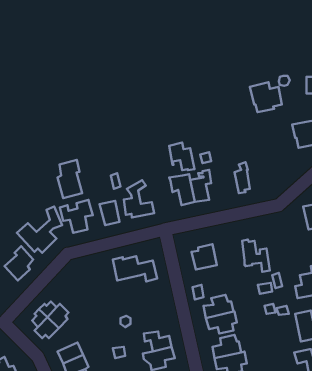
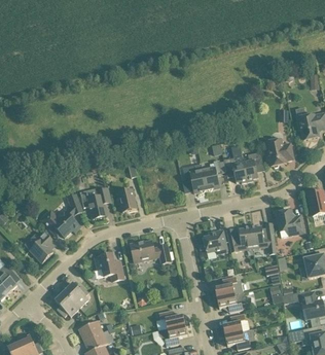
building: [250,82,282,112] -> [263,138,293,166]
building: [169,143,194,170] -> [223,156,247,182]
building: [58,160,82,198] -> none
building: [124,180,154,217] -> none
building: none -> [276,209,303,237]
building: none -> [227,225,252,252]
building: none -> [95,253,123,281]

